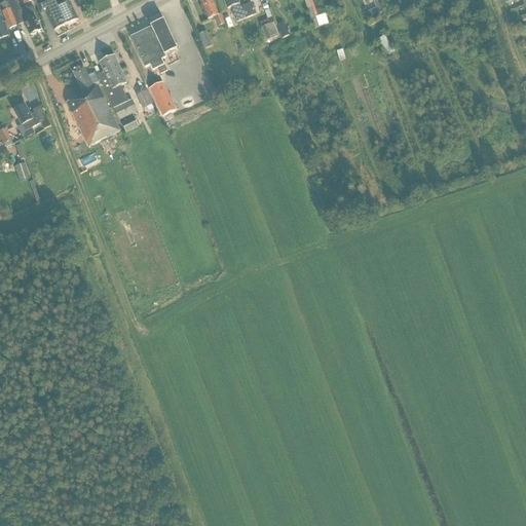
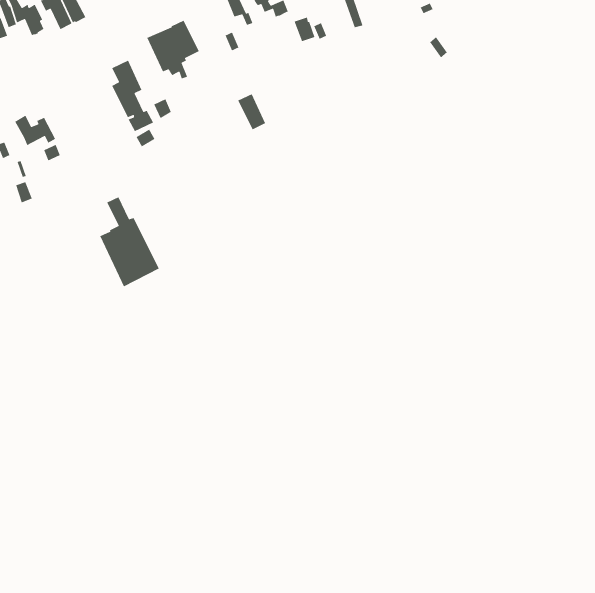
building: [65,64,118,144] -> [99,196,160,287]
building: [148,79,174,112] -> [237,93,266,131]

